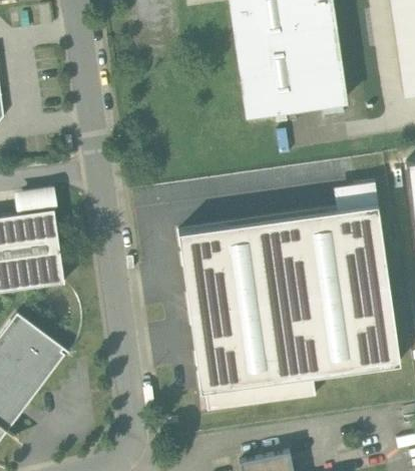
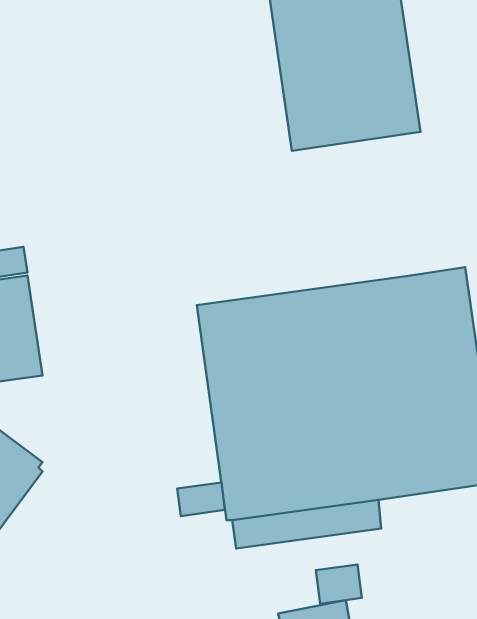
building: [334,180,377,207] -> none
building: none -> [177,482,225,516]
building: none -> [316,564,362,604]

